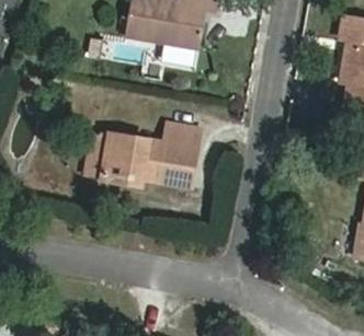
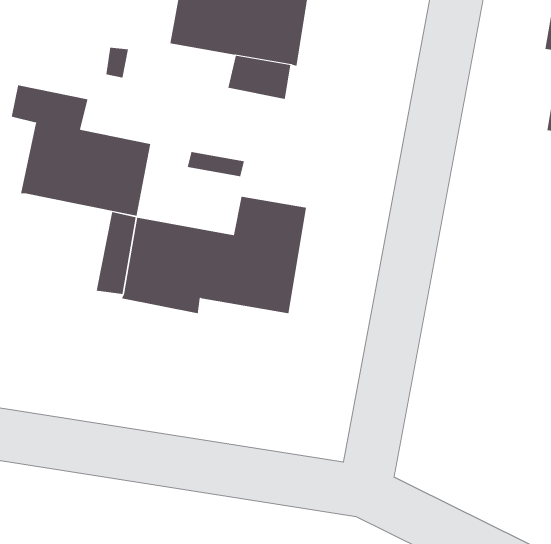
building: none -> [11,85,151,217]

